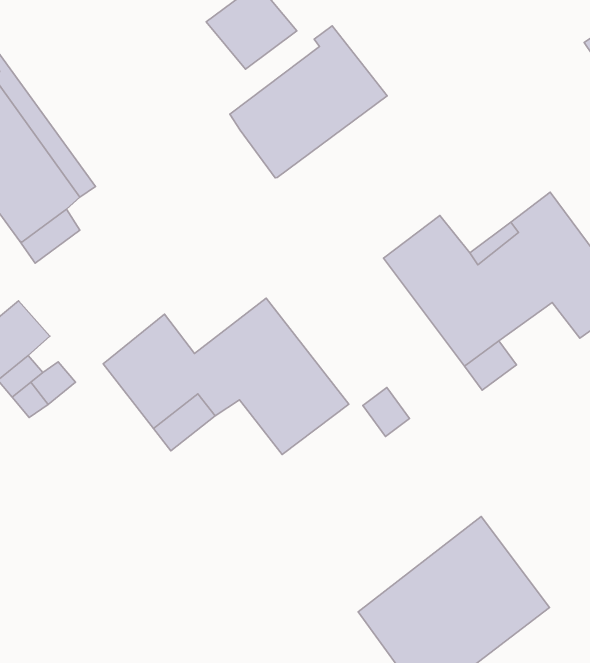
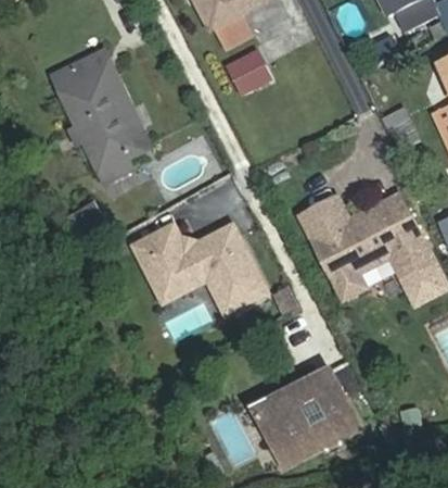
building: [230,26,387,178] -> none

